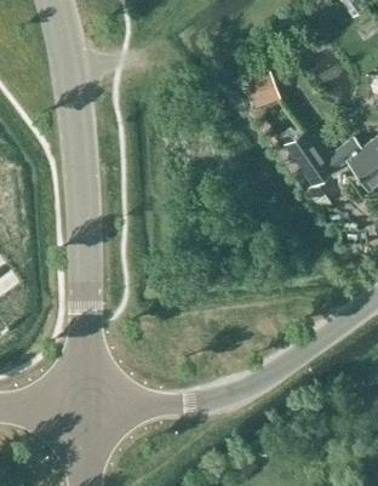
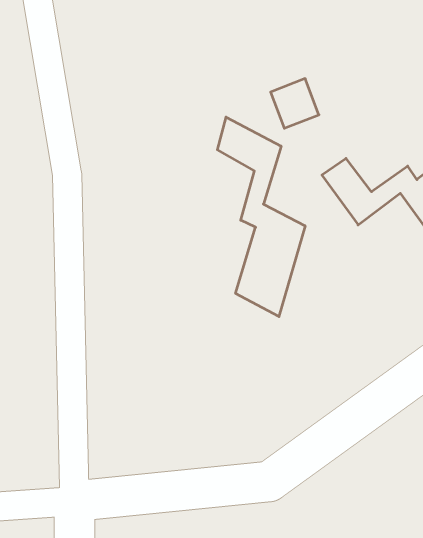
building: none -> [217,117,305,317]

